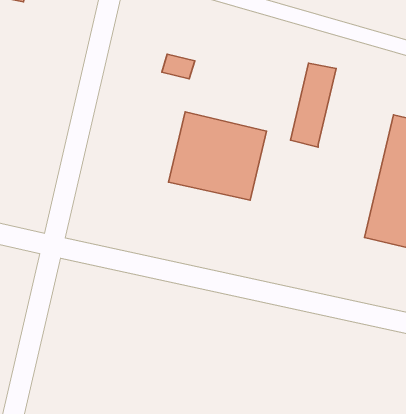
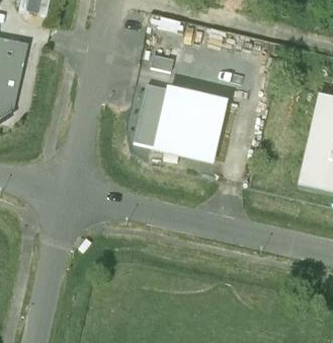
building: [291,63,336,147] -> [135,84,168,146]

